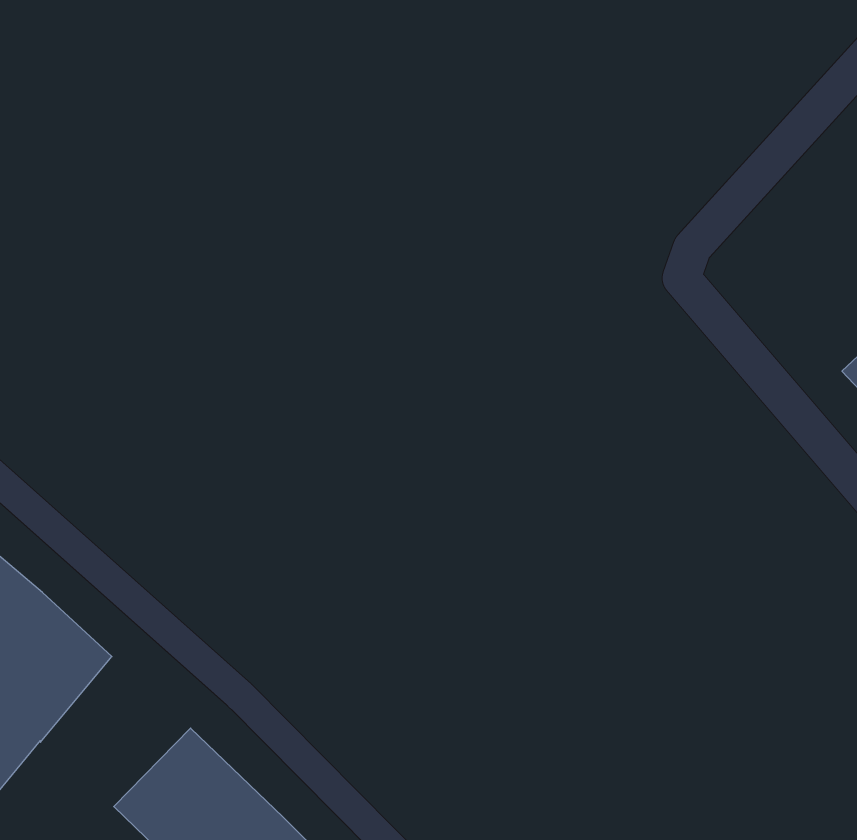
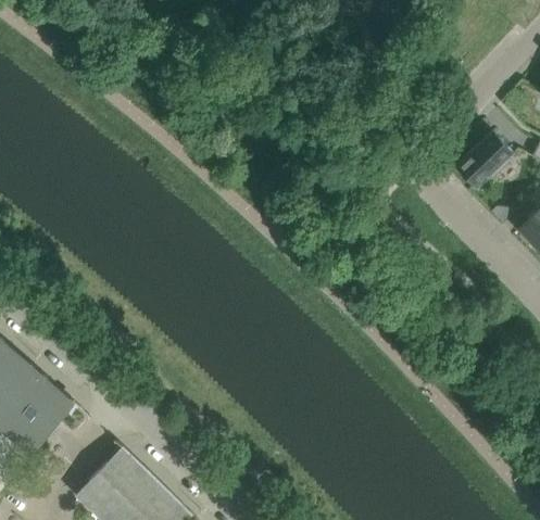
building: none -> [456,134,512,188]

